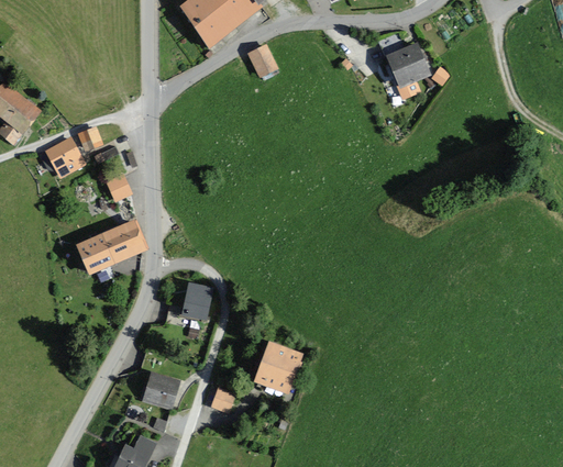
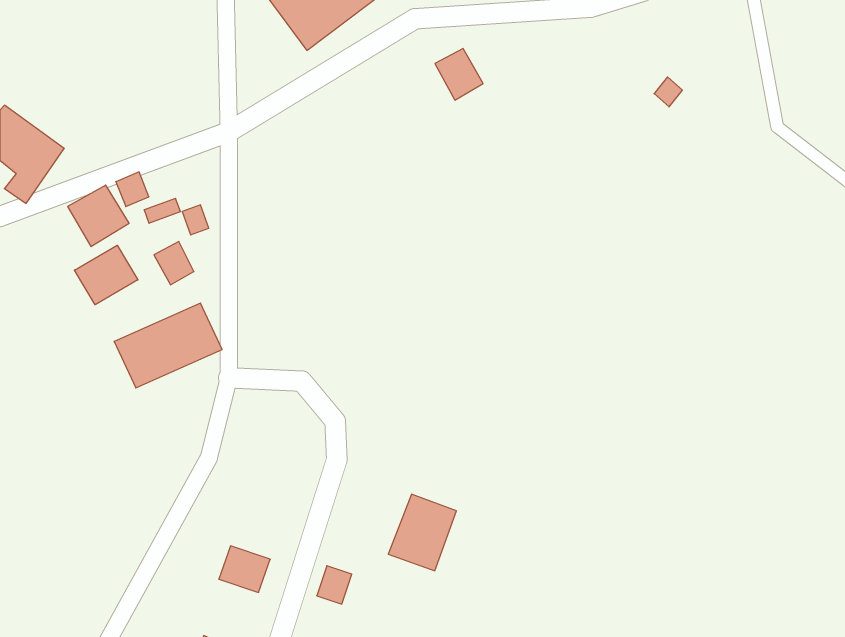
building: [388,42,432,85] -> none
building: [244,45,276,79] -> [435,49,483,100]
building: none -> [74,245,138,305]
building: [184,281,214,318] -> none

